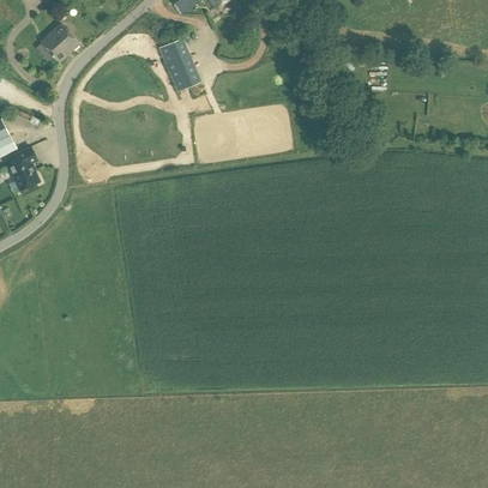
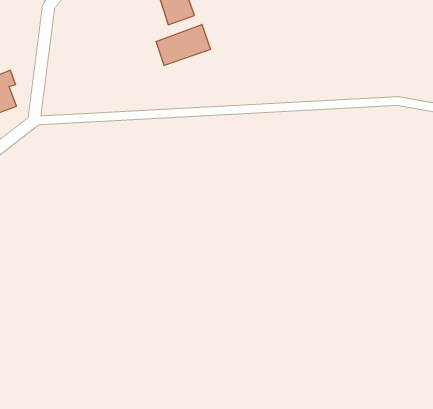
building: none -> [156,24,210,66]

